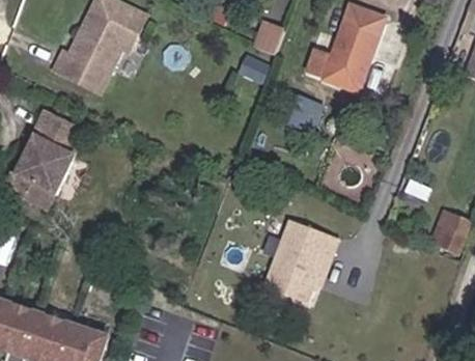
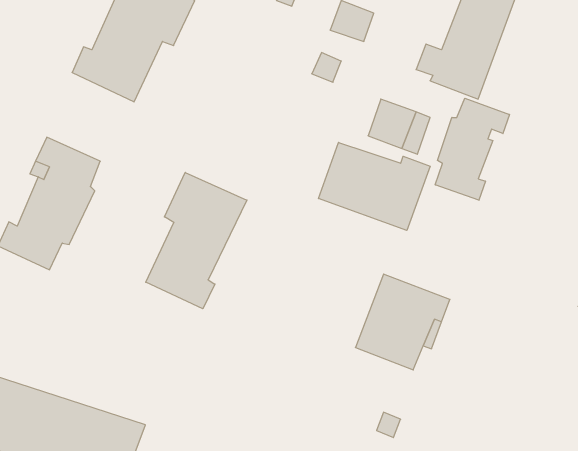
building: none -> [435,98,509,200]
building: none -> [319,142,430,230]
building: none -> [146,172,247,309]

